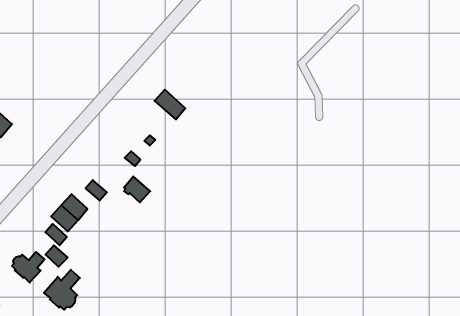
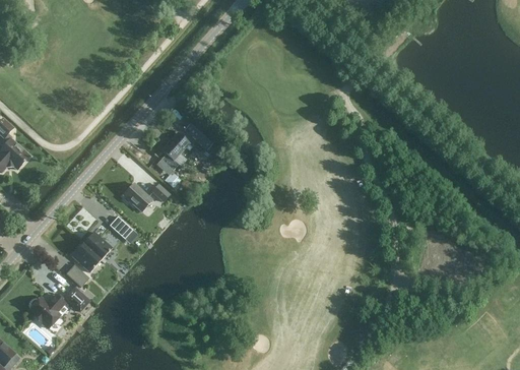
building: none -> [159,133,188,171]
building: [124,176,150,202] -> [123,183,151,211]
building: [44,270,80,310] -> none

